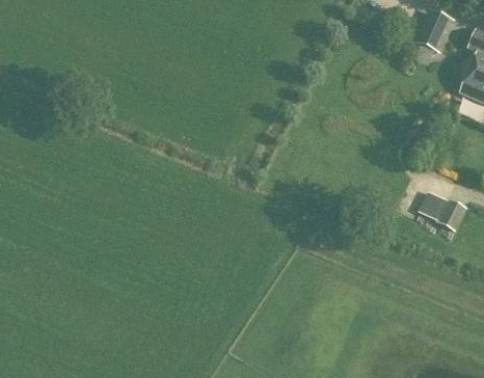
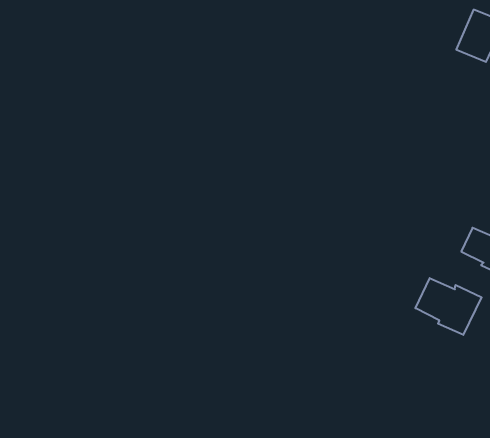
building: none -> [415,278,482,335]

